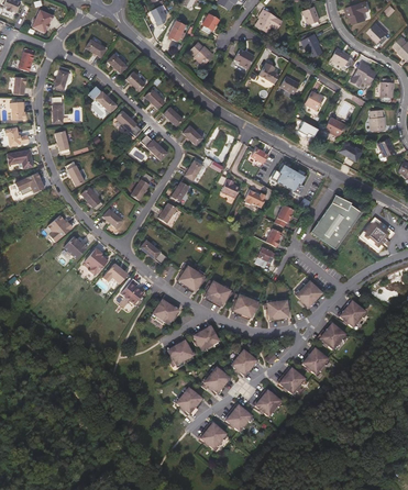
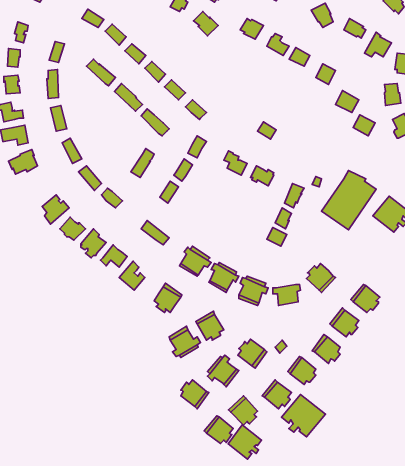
building: [271,163,305,193] -> none
building: none -> [282,395,325,437]
building: none -> [228,425,262,459]

